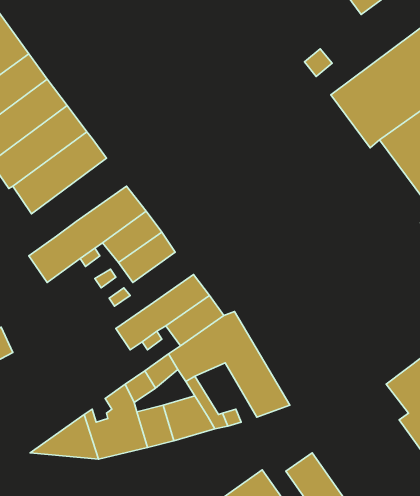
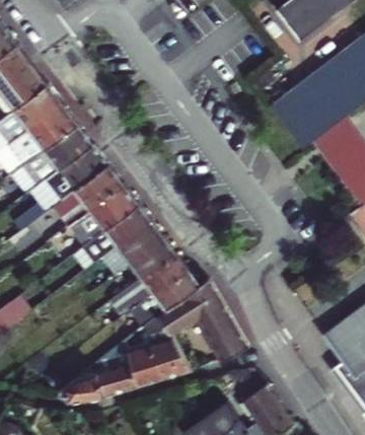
building: none -> [30,163,121,238]
building: none -> [126,235,172,276]

